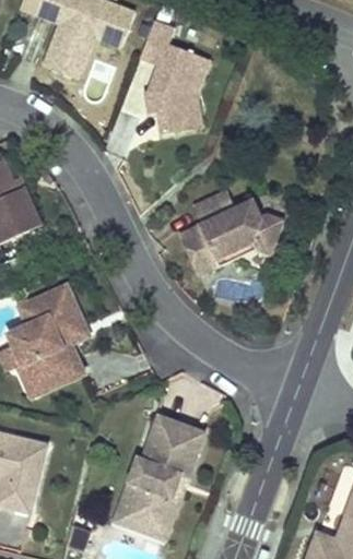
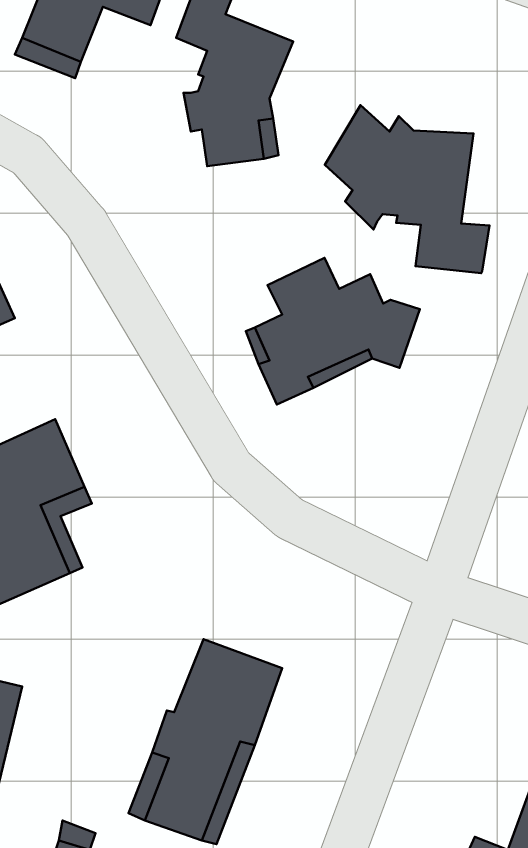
building: none -> [325,105,490,273]

